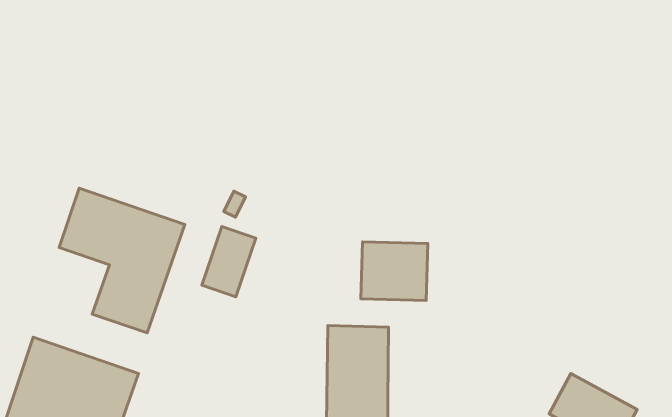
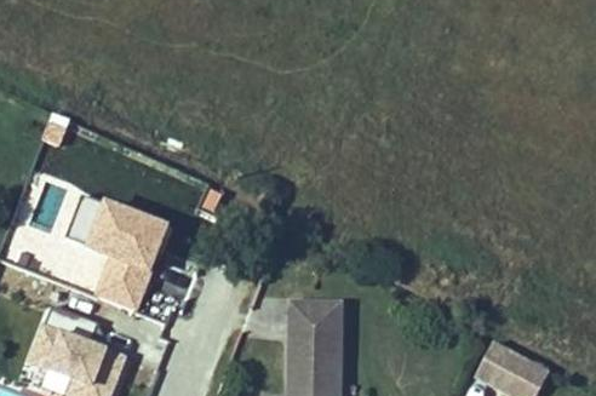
building: [202,226,256,297] -> none
building: [361,242,428,301] -> none

